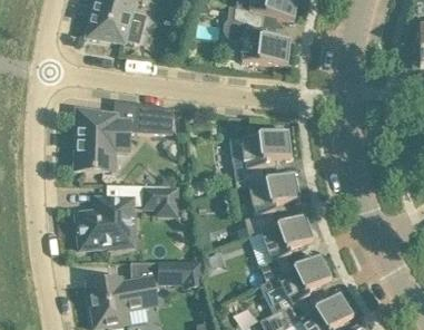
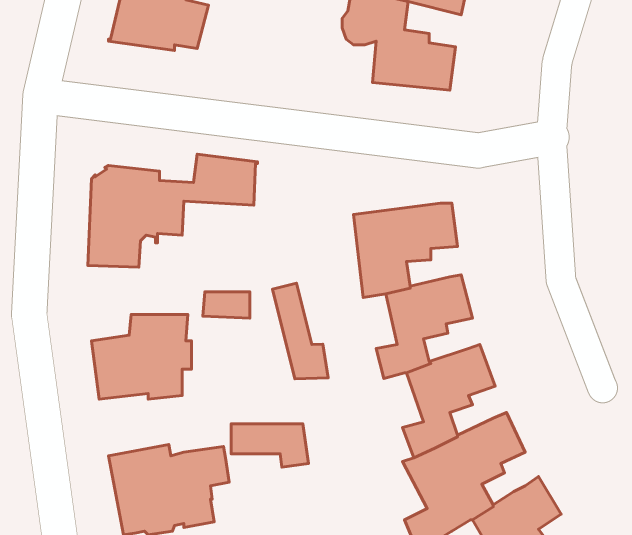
building: none -> [272,283,328,379]

